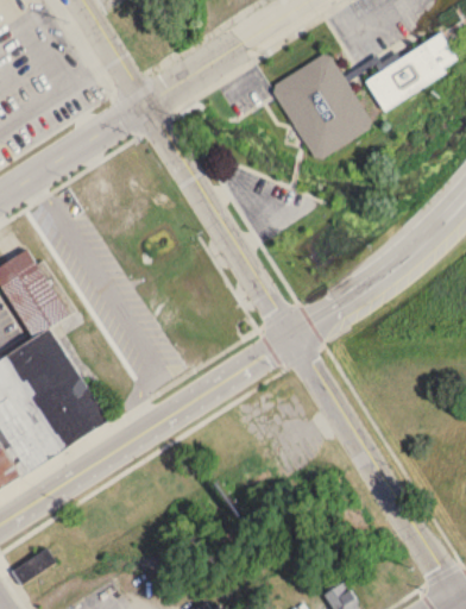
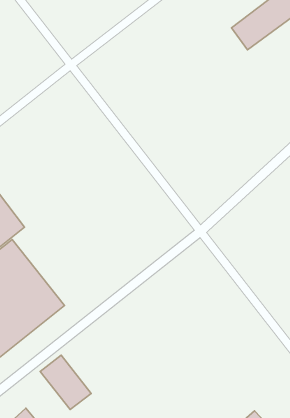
building: [270,52,371,161] -> none
building: none -> [40,355,91,410]

